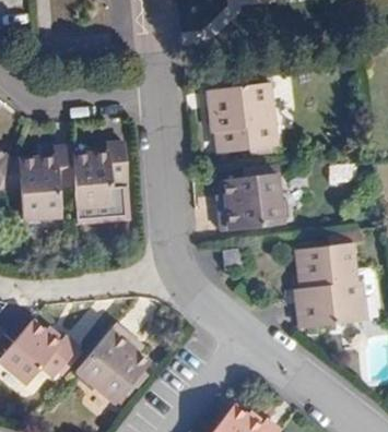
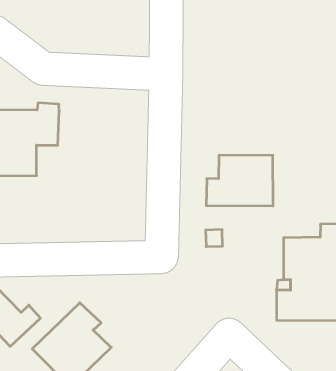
building: [208,81,275,148] -> none
building: [73,144,127,208] -> none

